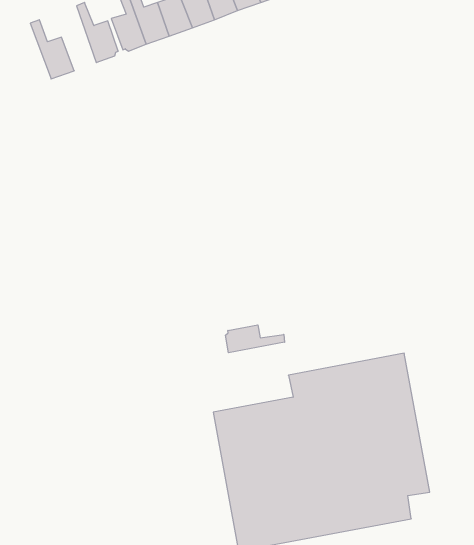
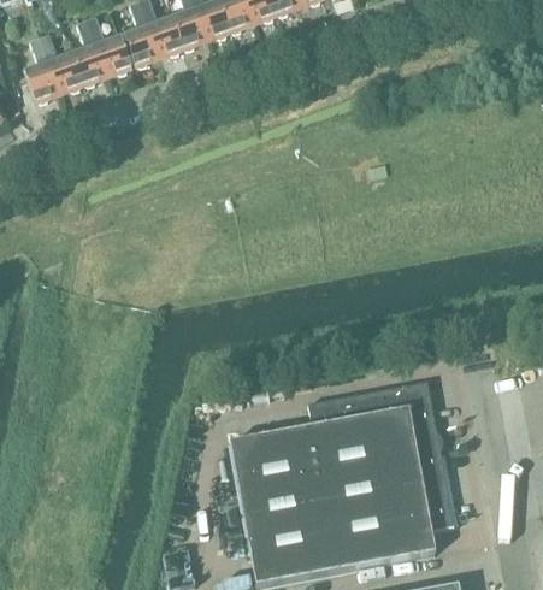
building: none -> [72,18,108,85]
building: none -> [25,36,61,101]
building: [226,325,285,353] -> none

